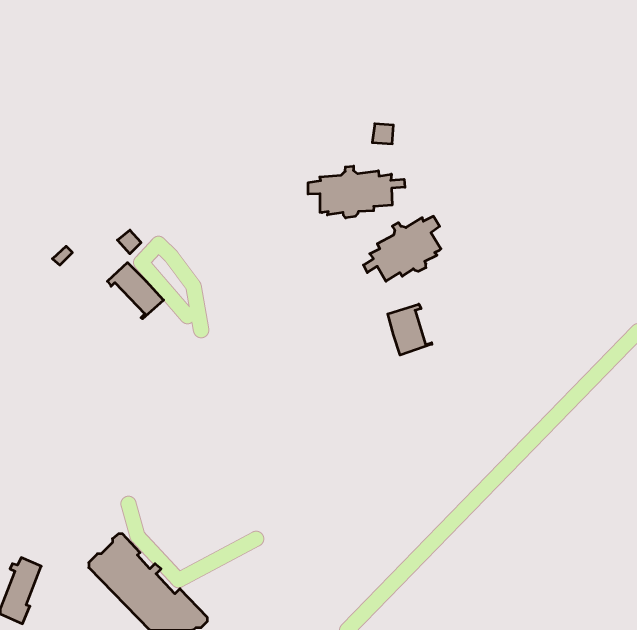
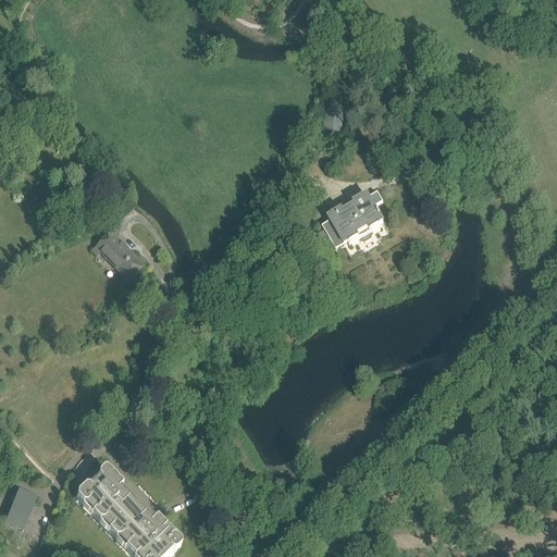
building: [308,166,405,218] -> none
building: [388,304,432,355] -> none

